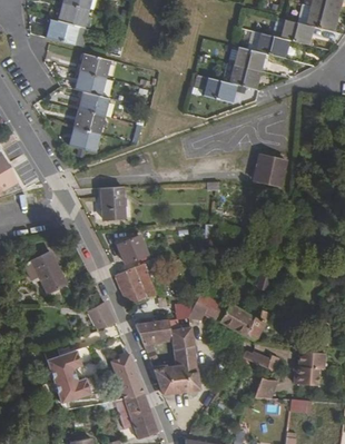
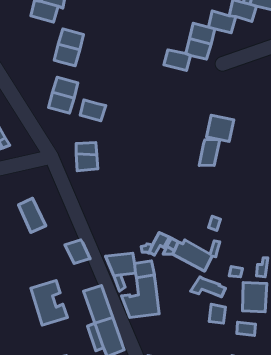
building: [78,92,108,117] -> [80,100,106,121]
building: none -> [199,140,220,166]
building: [117,231,146,259] -> none
building: [115,253,161,300] -> none

